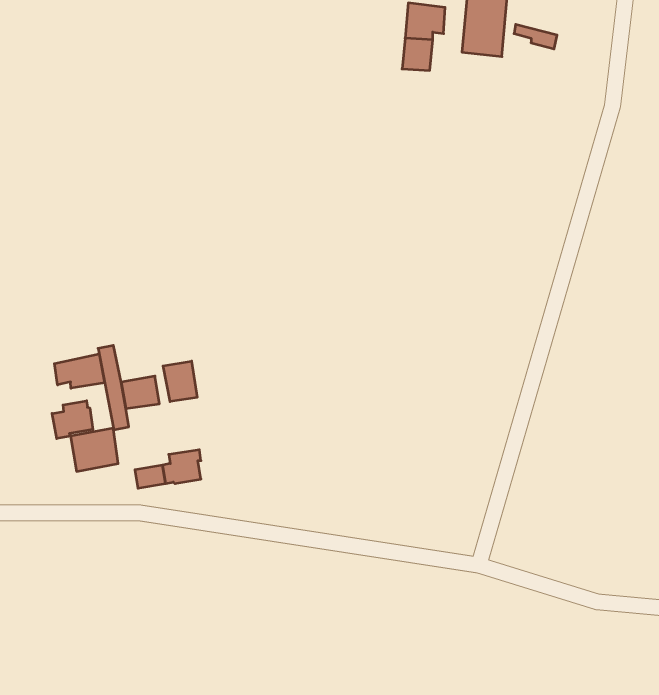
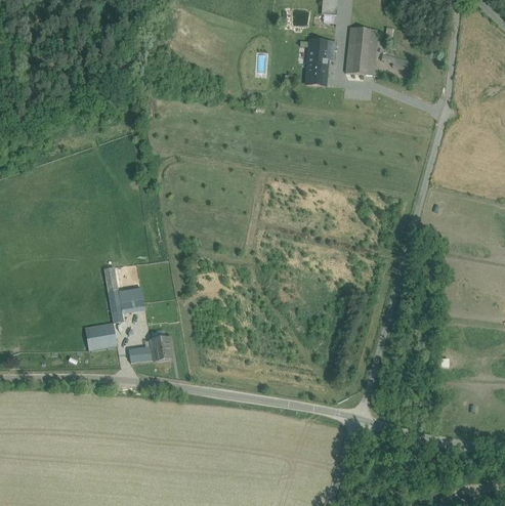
building: [54,354,105,388] -> none
building: [163,361,197,402] -> none
building: [52,401,93,439] -> none

